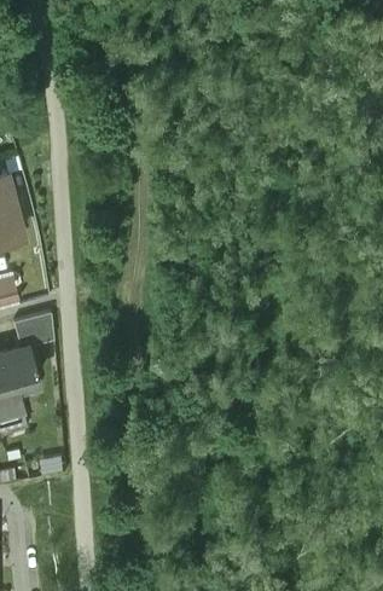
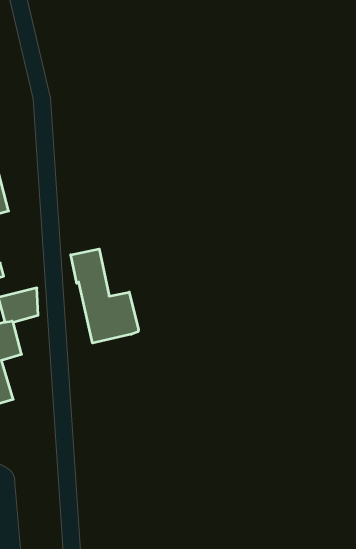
building: none -> [71,249,138,343]

